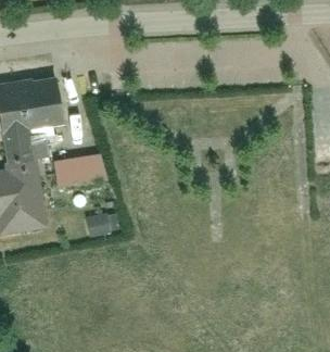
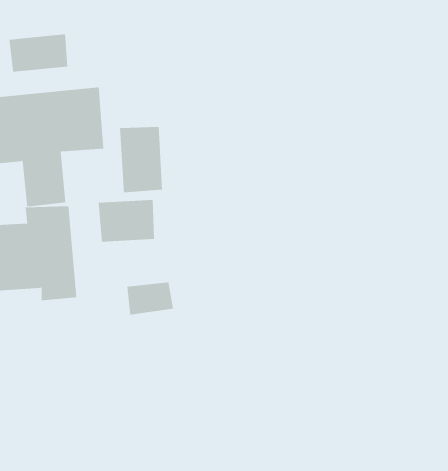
building: none -> [9,34,68,72]
building: none -> [120,126,163,193]

